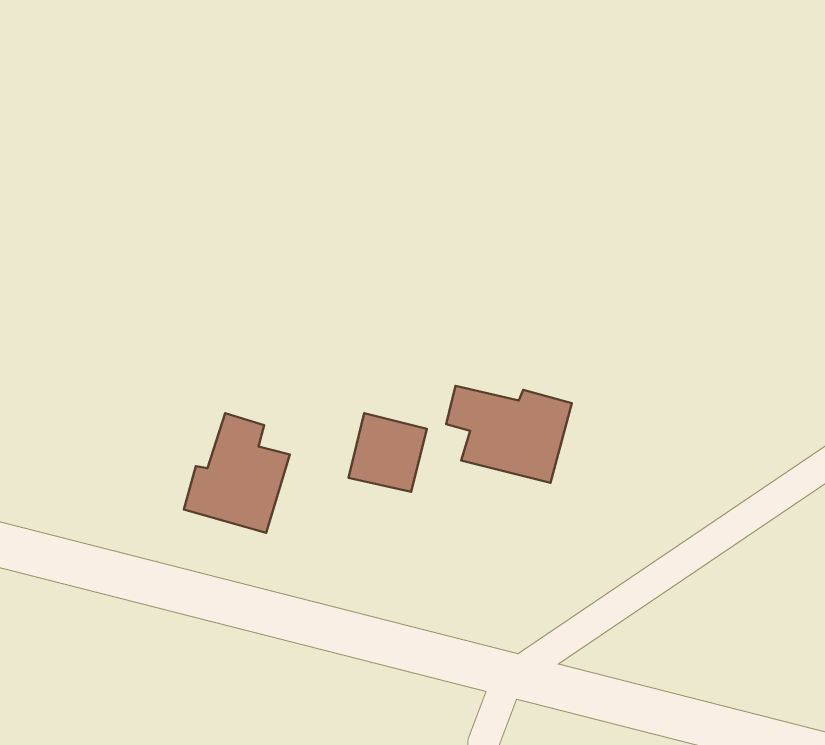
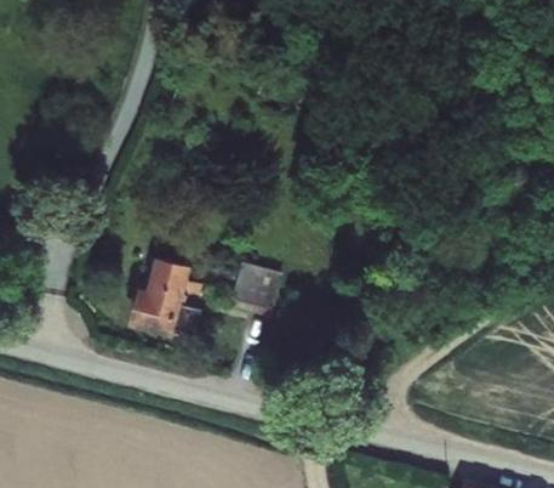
building: [446,386,572,483] -> none

